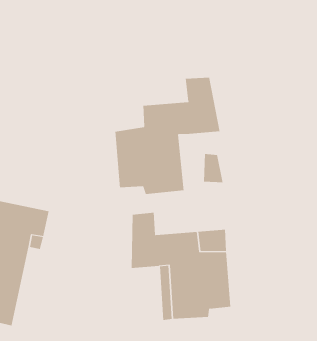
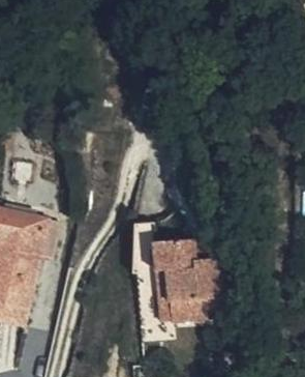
building: [115,77,220,195] -> none

